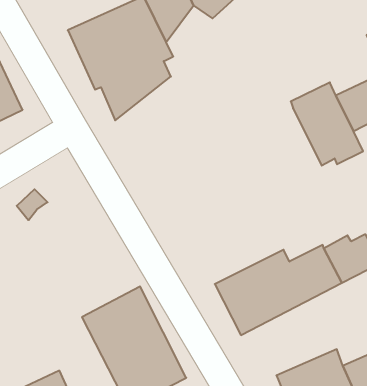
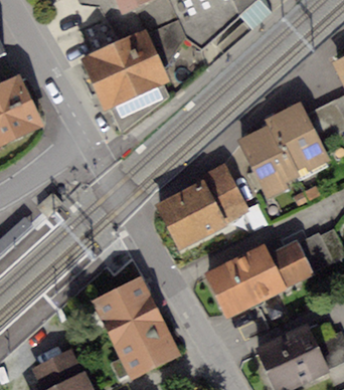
building: none -> [237,124,297,198]
building: none -> [156,164,249,249]

